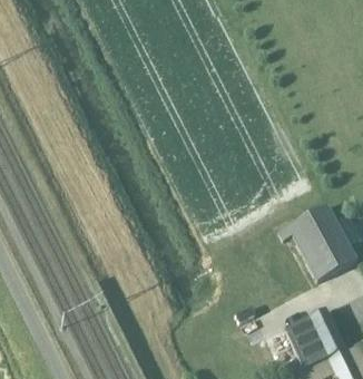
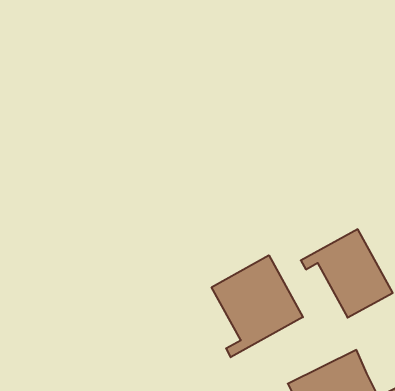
building: none -> [212,255,303,357]

